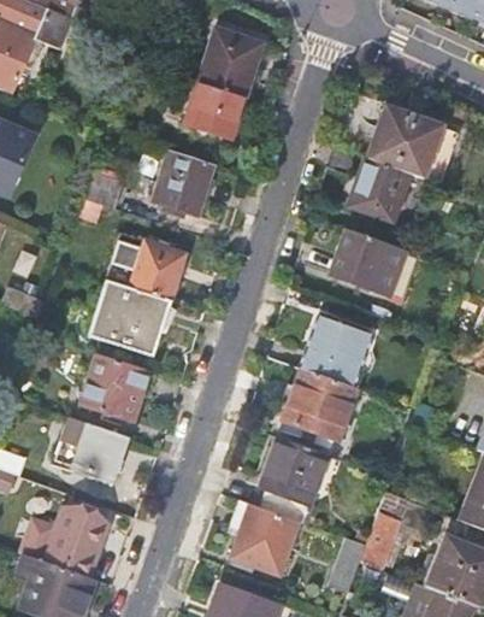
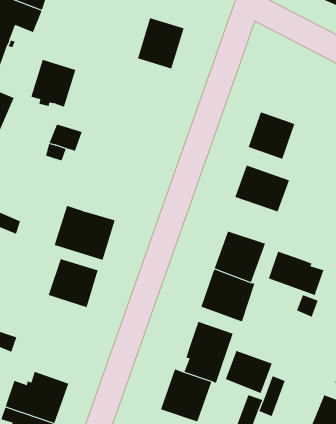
building: [187,84,246,139] -> none
building: [367,105,439,176] -> none
building: [150,151,212,216] -> [30,59,76,107]
building: [104,235,184,302] -> none
building: none -> [268,251,324,296]
building: [53,416,126,478] -> none
building: none -> [225,350,272,394]

